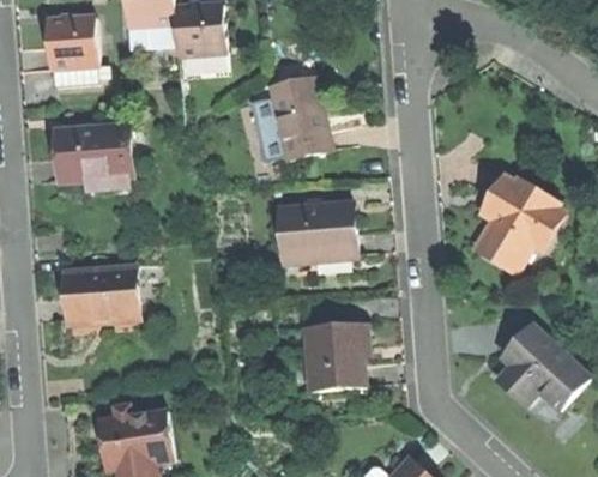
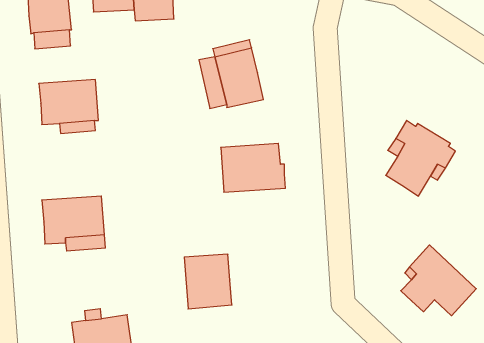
building: [307,322,364,388] -> [184,254,232,309]

